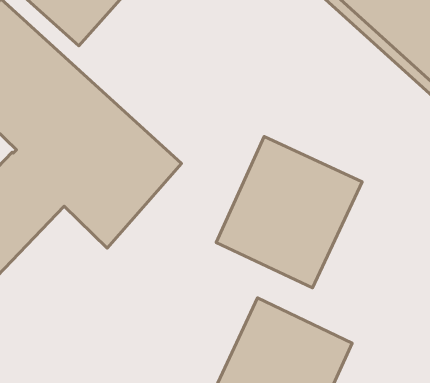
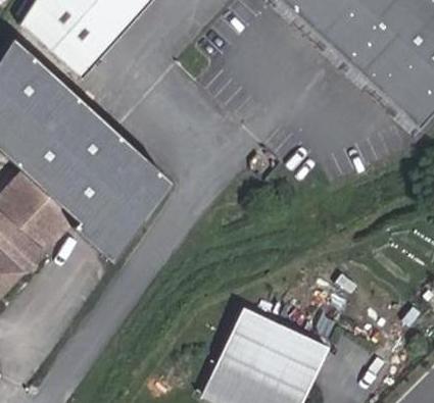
building: [216,136,362,288] -> none

